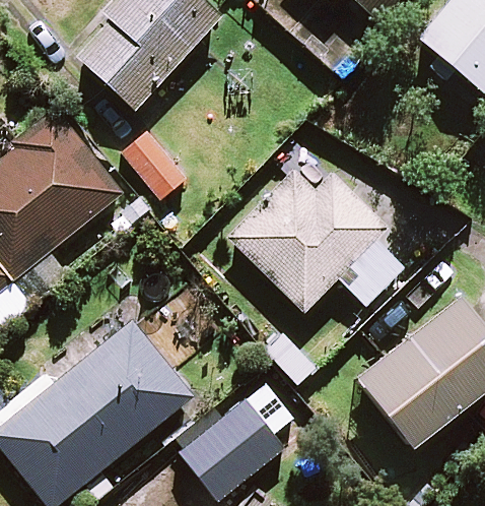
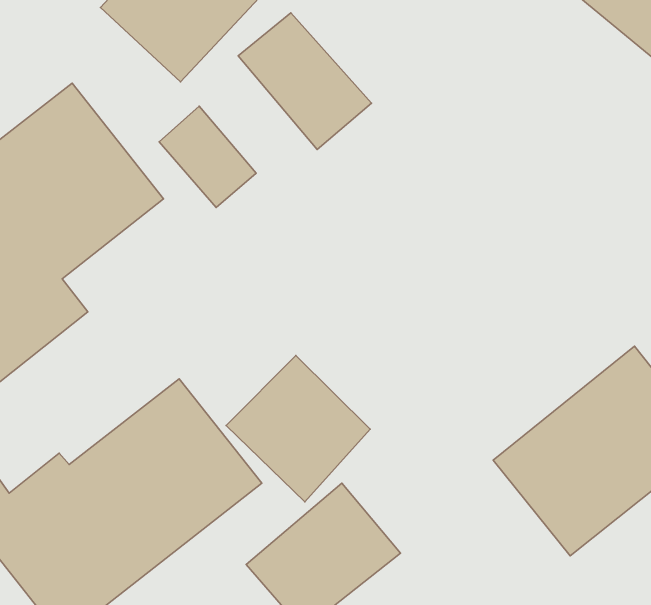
building: none -> [238,13,371,150]
building: [227,169,410,310] -> none
building: none -> [226,355,370,502]

